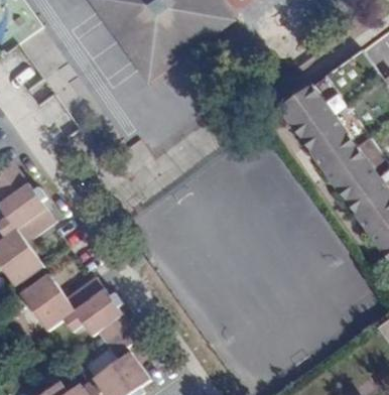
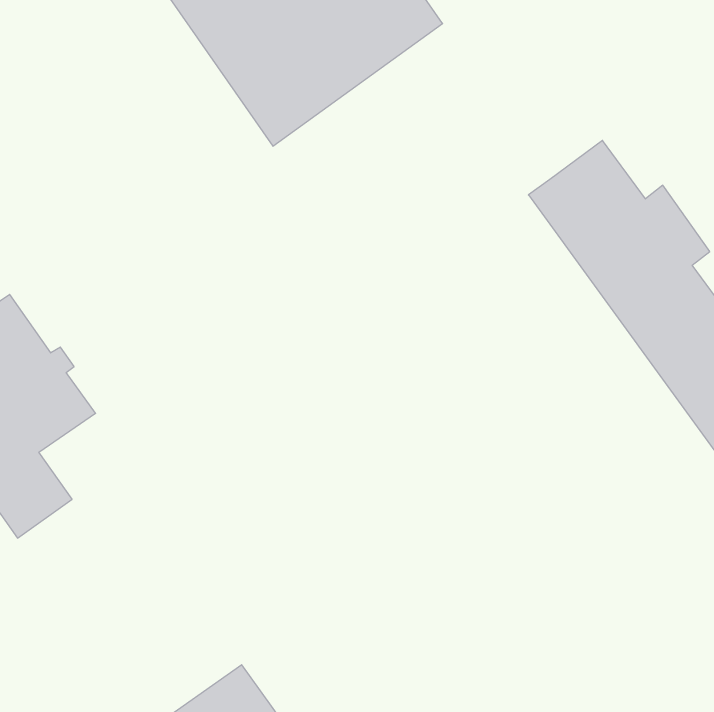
building: [18,273,138,356] -> none

